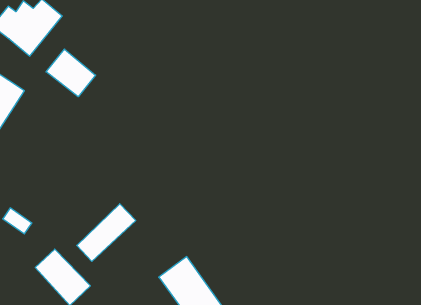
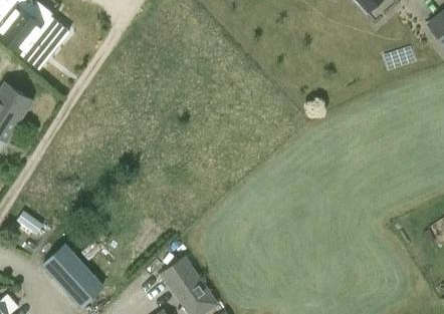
building: [46,49,96,97] -> none
building: [77,204,136,261] -> none

